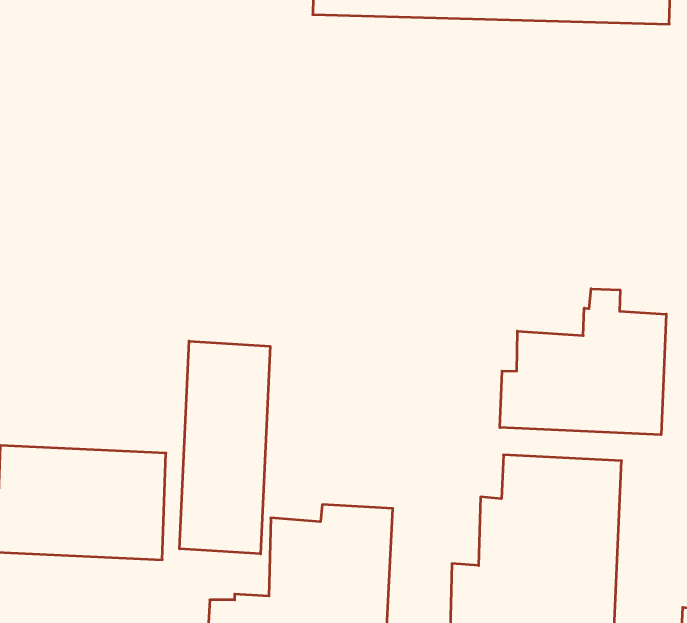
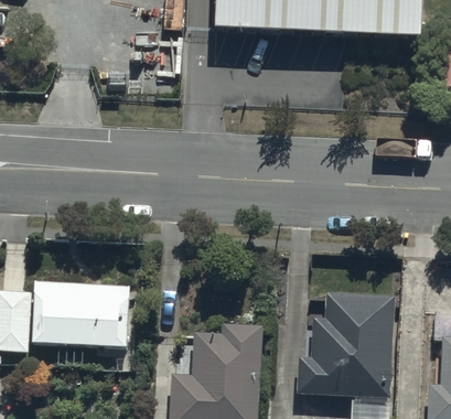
building: [500,289,666,435] -> none
building: [180,341,270,554] -> none

